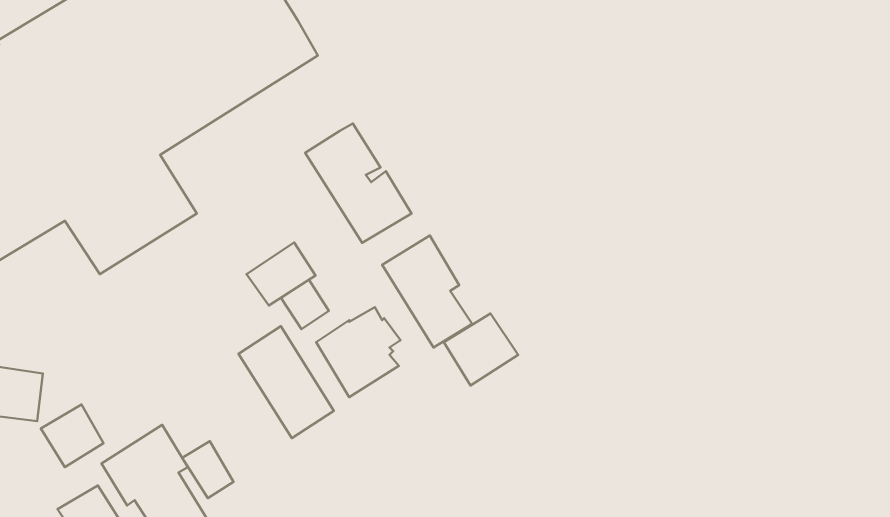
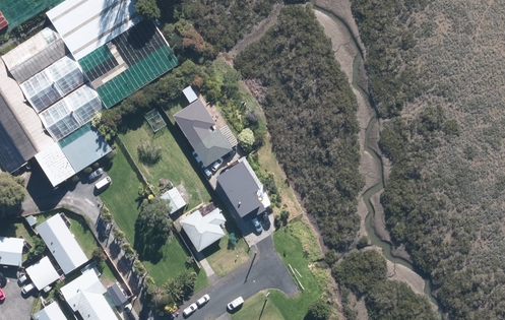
building: [246,242,315,306] -> none
building: [444,313,518,385] -> none
building: [239,326,334,438] -> [36,212,88,274]

